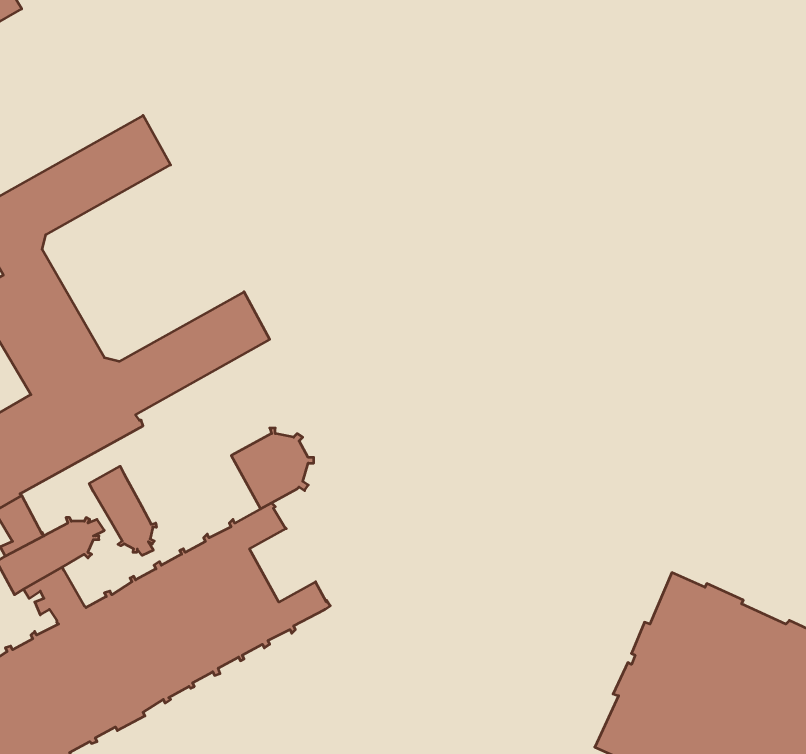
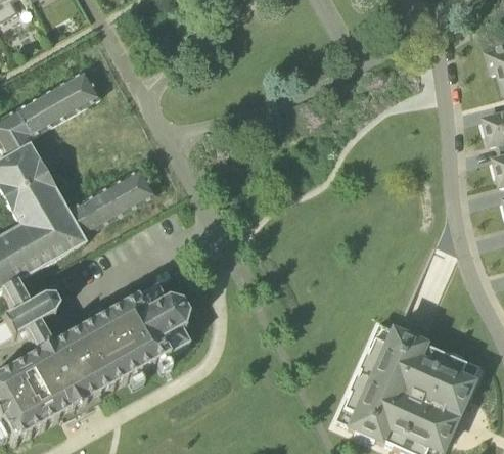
building: [231,428,314,509] -> [145,294,191,339]
building: [89,466,156,555] -> none

